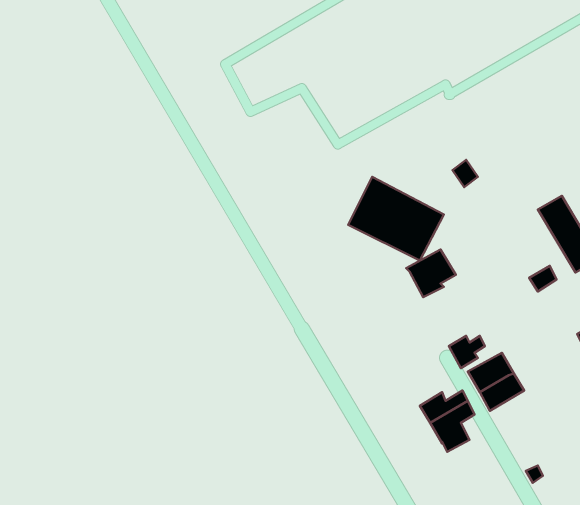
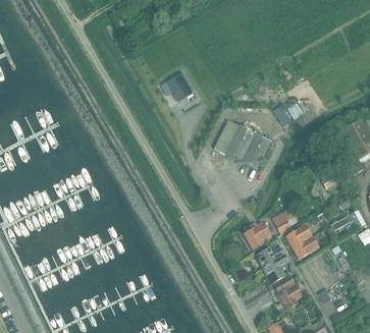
building: none -> [166,71,193,101]
building: [406,249,456,297] -> [242,220,271,248]
building: none -> [277,276,302,309]

